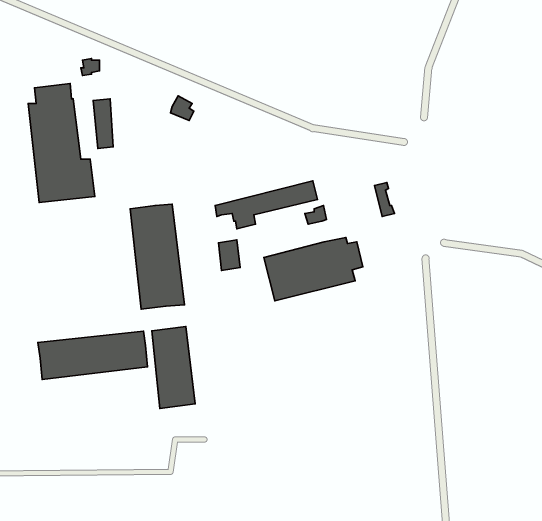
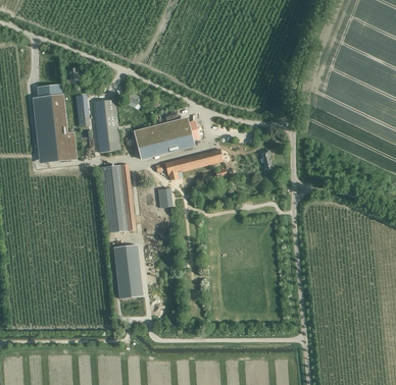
building: none -> [94,99,119,152]
building: [264,237,363,301] -> [134,117,199,159]
building: [38,331,148,380] -> none

